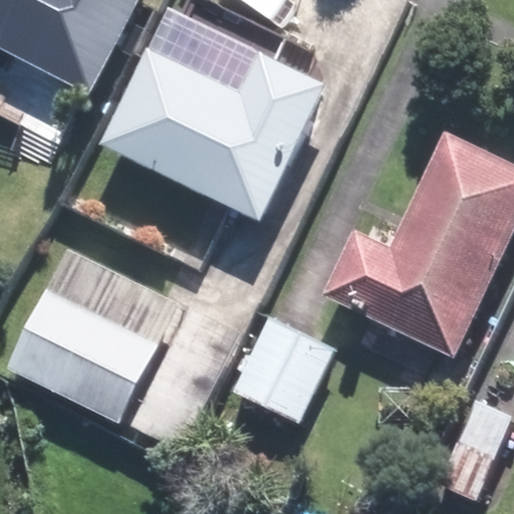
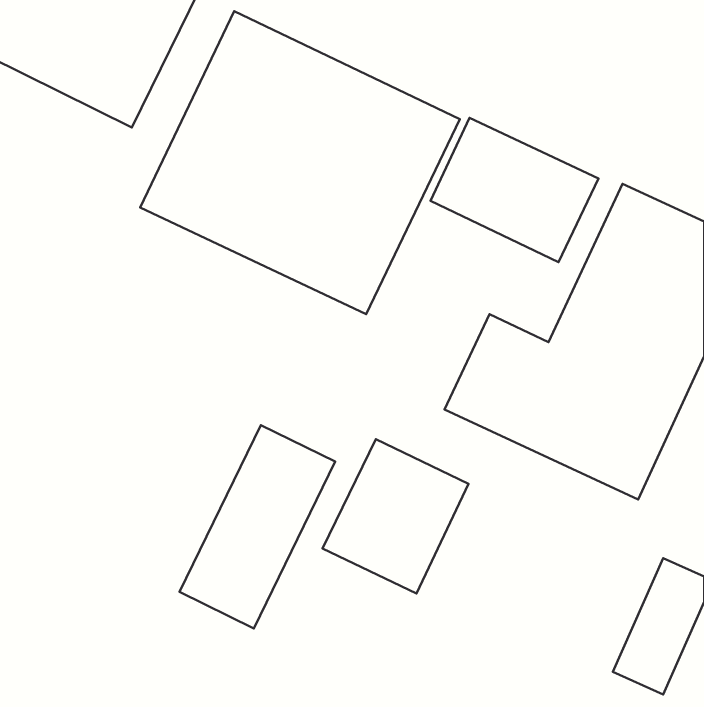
building: none -> [431,118,599,262]
building: [7,248,175,423] -> none

